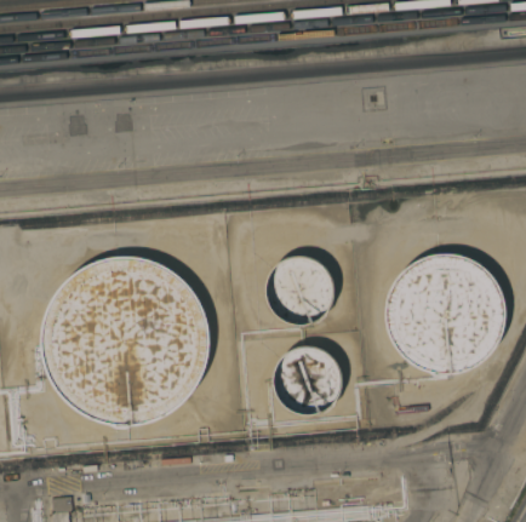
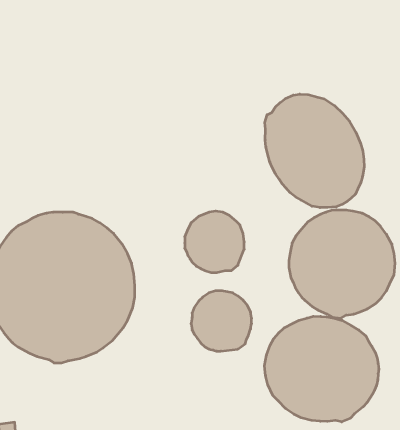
building: none -> [265,94,364,208]
building: none -> [264,316,379,422]

